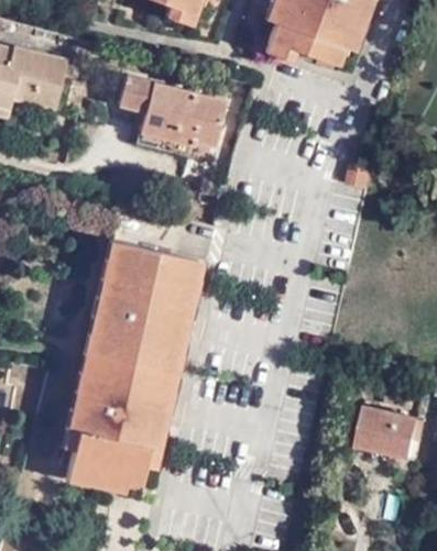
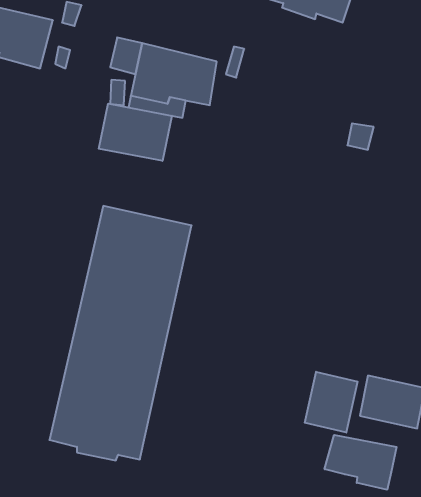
building: none -> [99,104,172,161]
building: none -> [305,372,358,433]
building: none -> [325,435,397,490]

